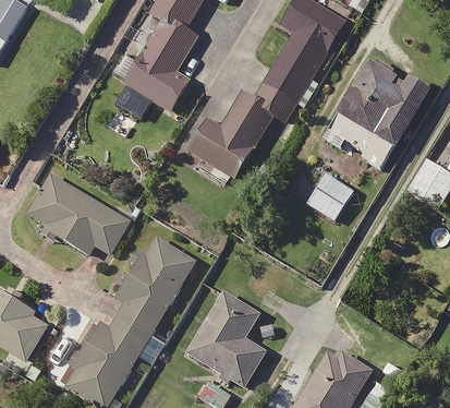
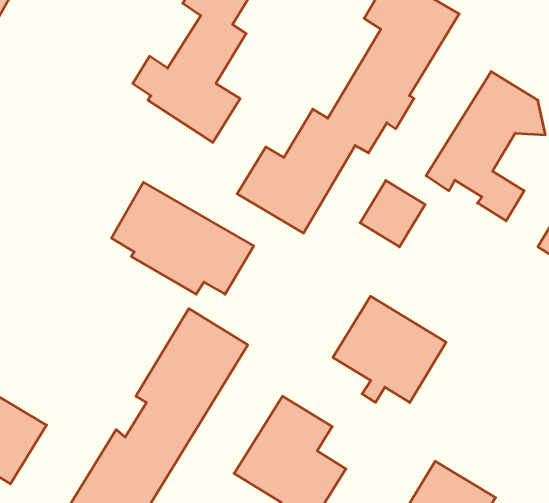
building: [27,172,130,253] -> [112,182,254,294]
building: [306,172,353,220] -> [360,180,425,247]
building: none -> [333,296,446,403]

